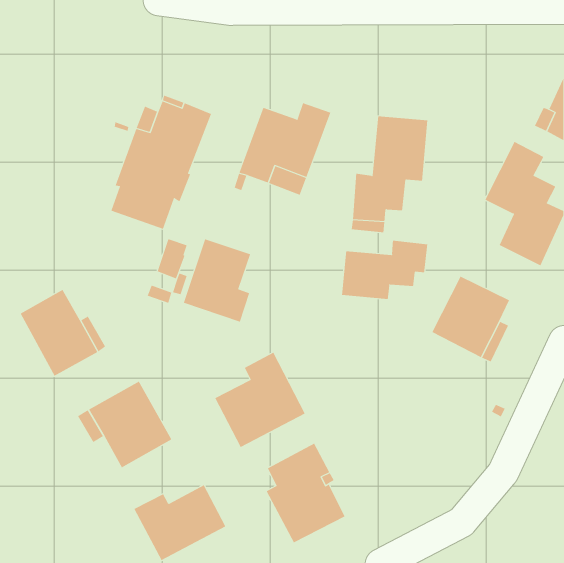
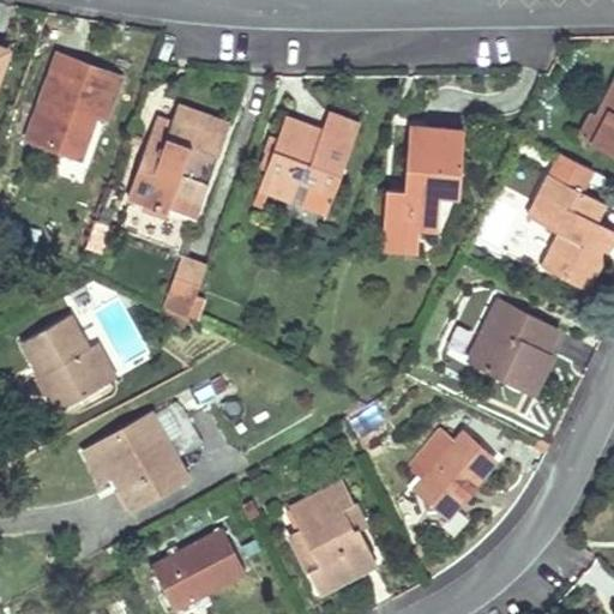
building: none -> [28,55,120,159]
building: [183,238,251,322] -> none
building: [341,240,428,300] -> none
building: [215,352,305,448] -> none
building: none -> [373,409,495,516]

